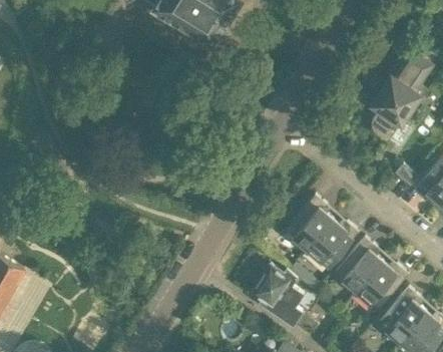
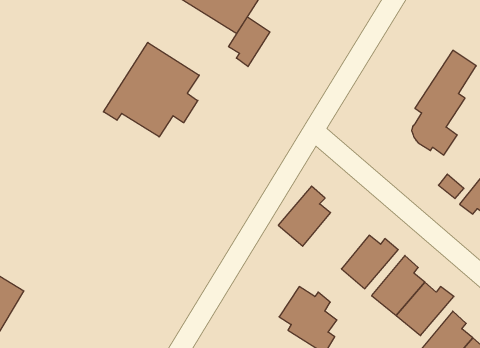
building: none -> [229,17,270,67]
building: none -> [103,42,199,137]
building: [286,197,333,251] -> [278,186,331,246]

